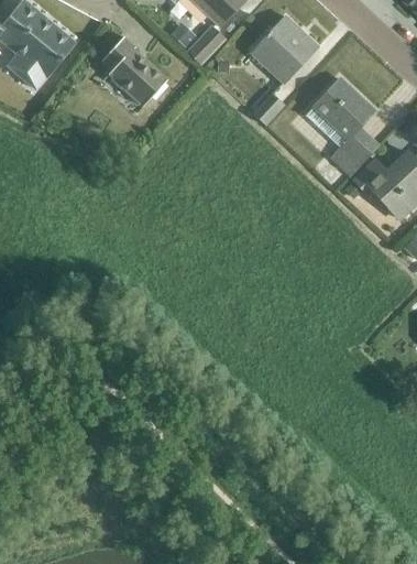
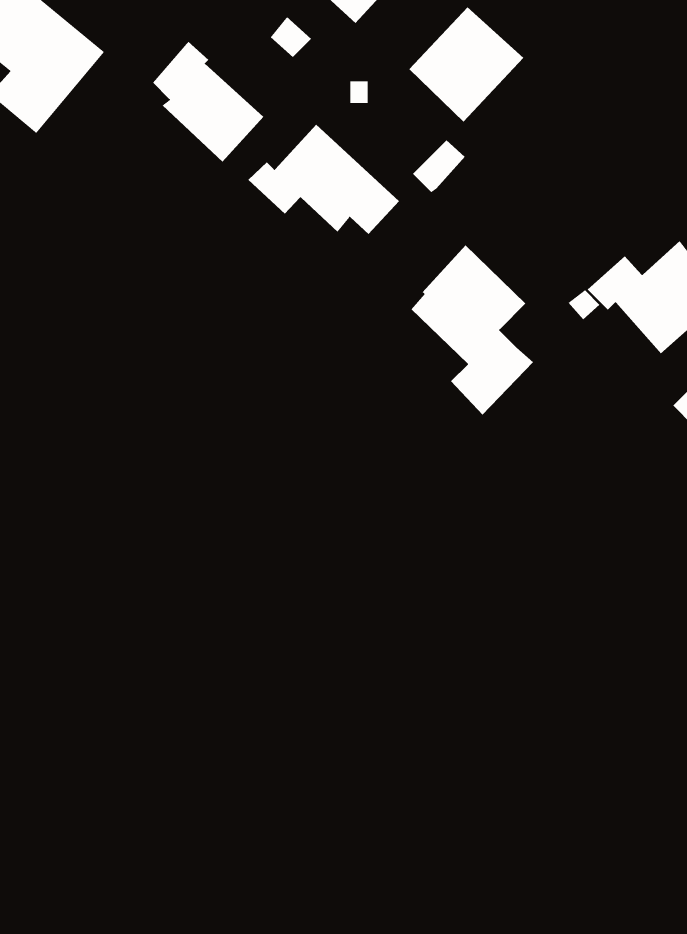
building: [187,25,224,64] -> none
building: [307,77,378,176] -> [410,245,534,415]
building: none -> [248,124,400,235]

